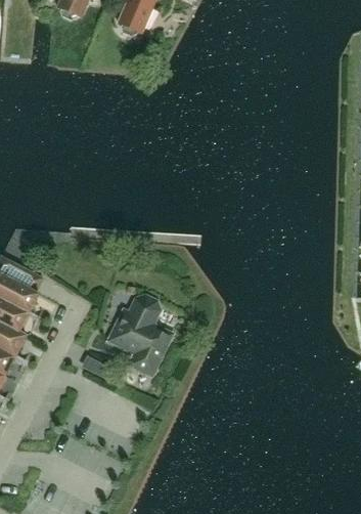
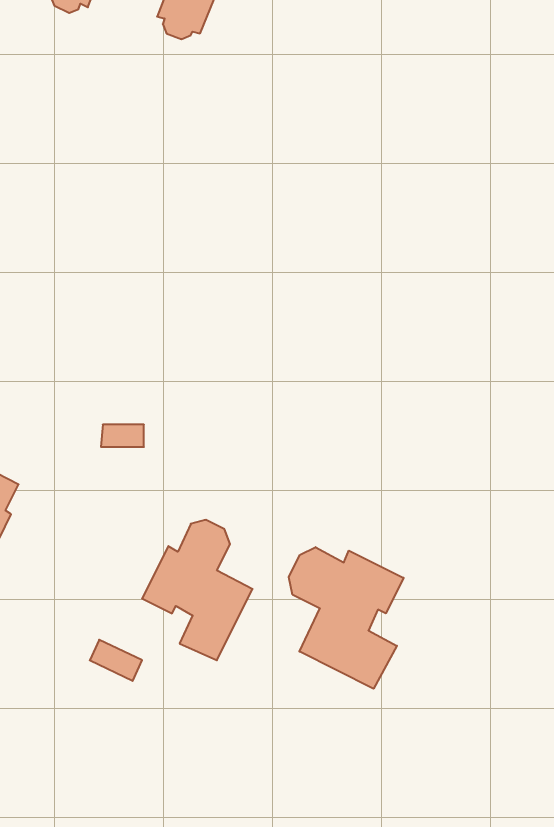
building: none -> [289,547,404,689]

